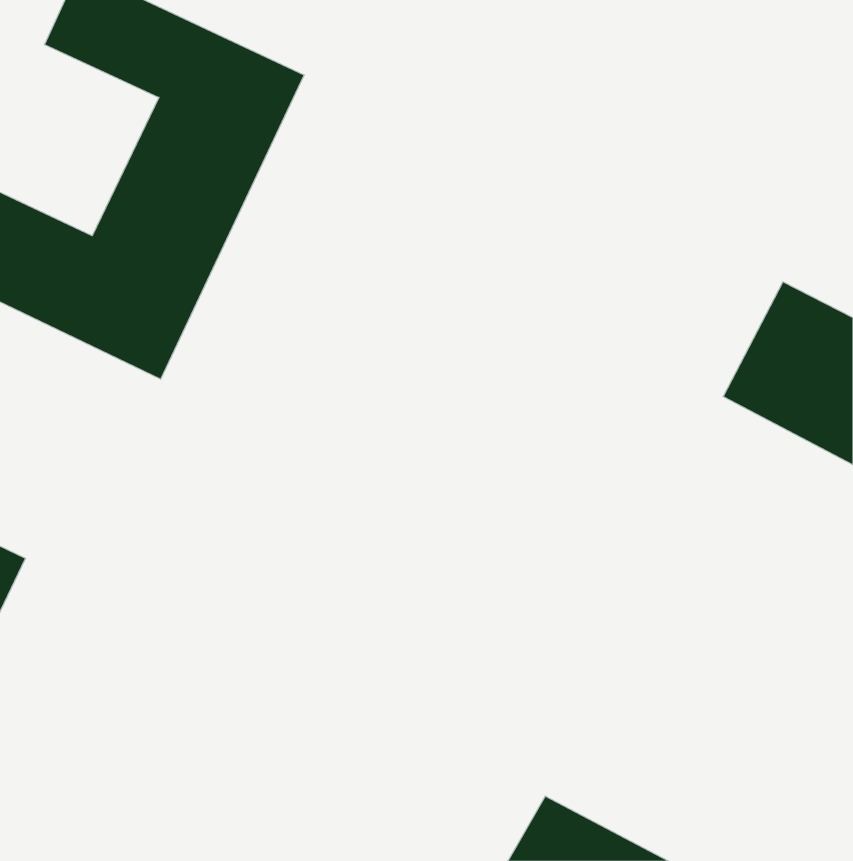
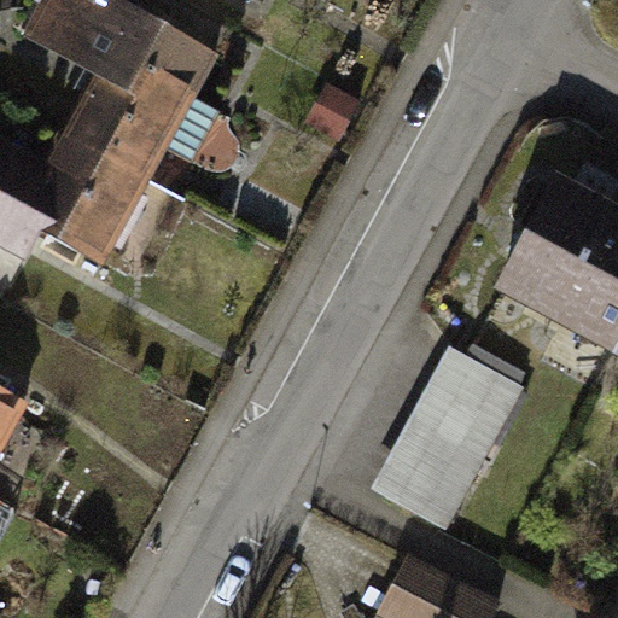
building: none -> [375,348,518,524]

